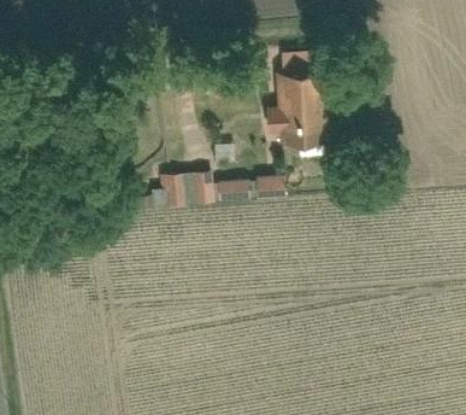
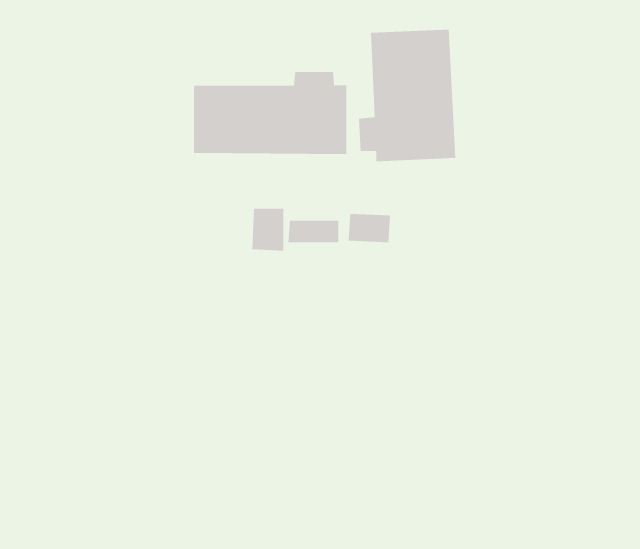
building: none -> [193,71,347,155]
building: [164,175,189,204] -> none

